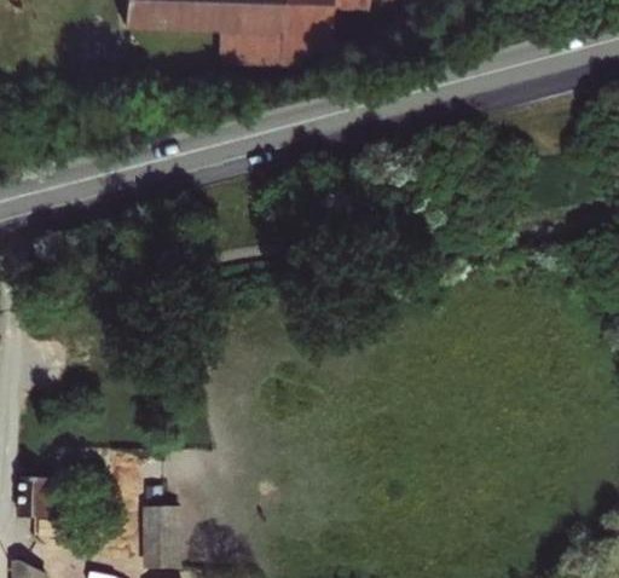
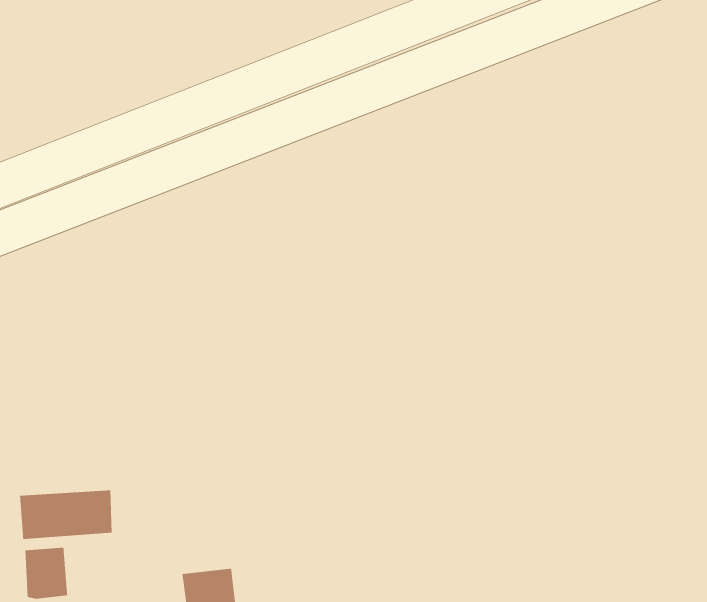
building: none -> [19,490,113,540]

